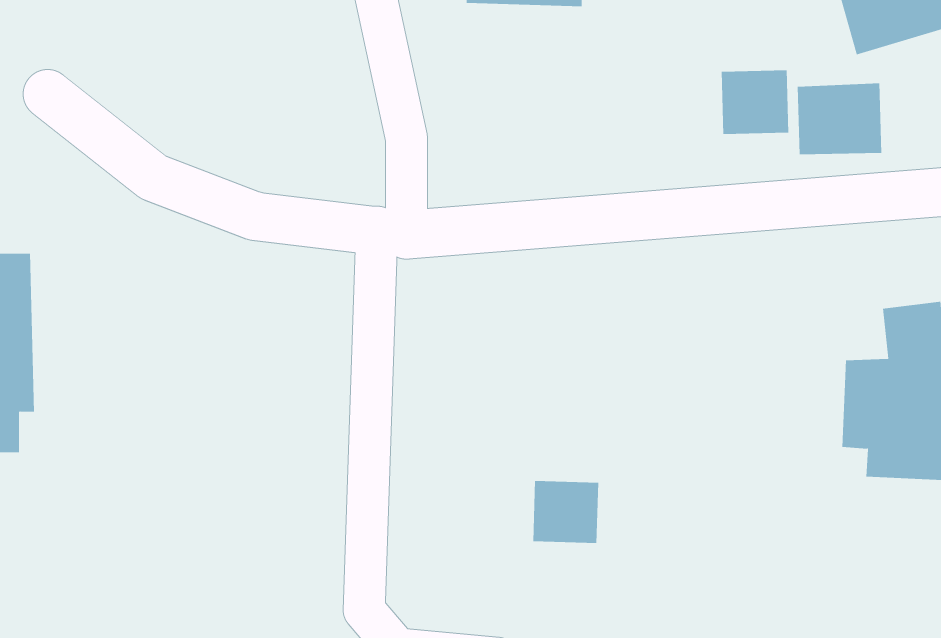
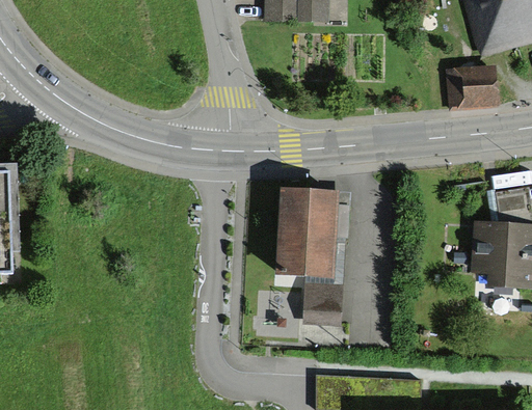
building: [721,69,789,135] -> none
building: none -> [277,193,337,279]

